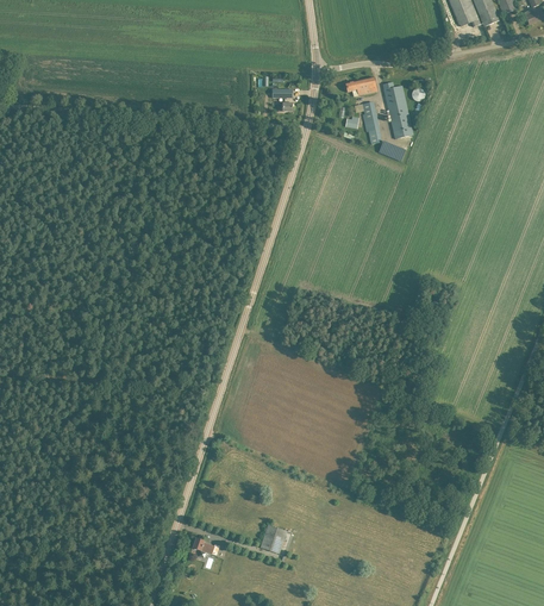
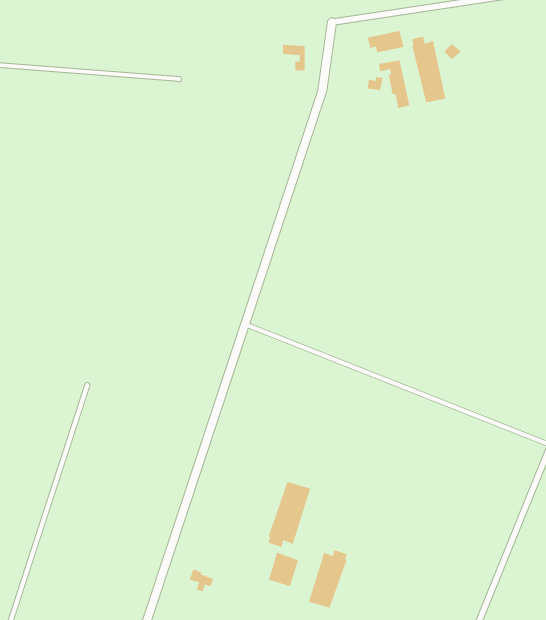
building: none -> [268,481,311,548]
building: none -> [308,549,347,609]

